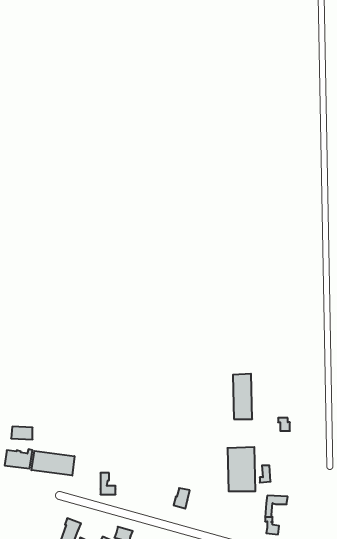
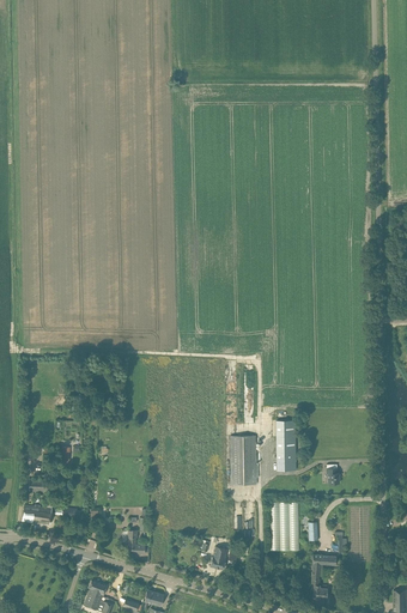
building: none -> [230,437,256,485]
building: [31,451,74,476] -> none

